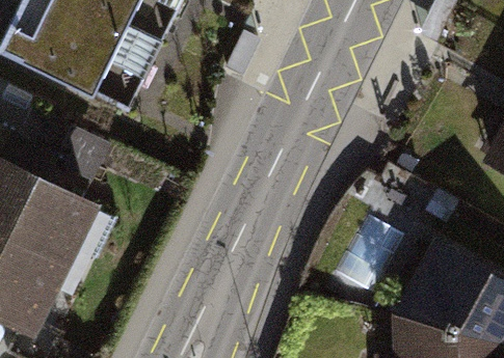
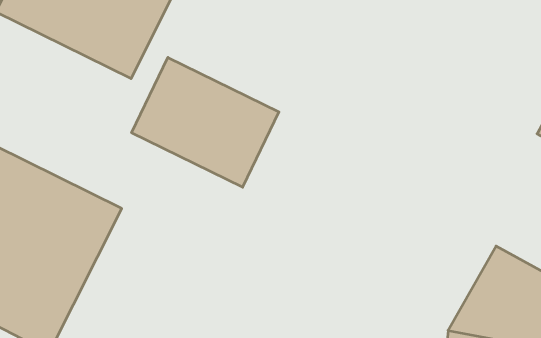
building: none -> [132,57,279,187]

